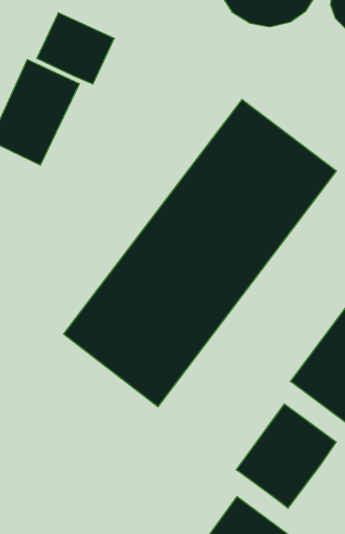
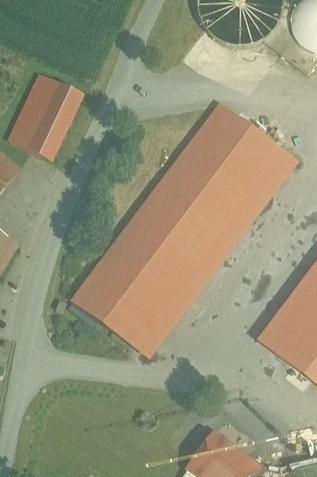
building: [37,13,114,84] -> none
building: [236,404,336,508] -> none

